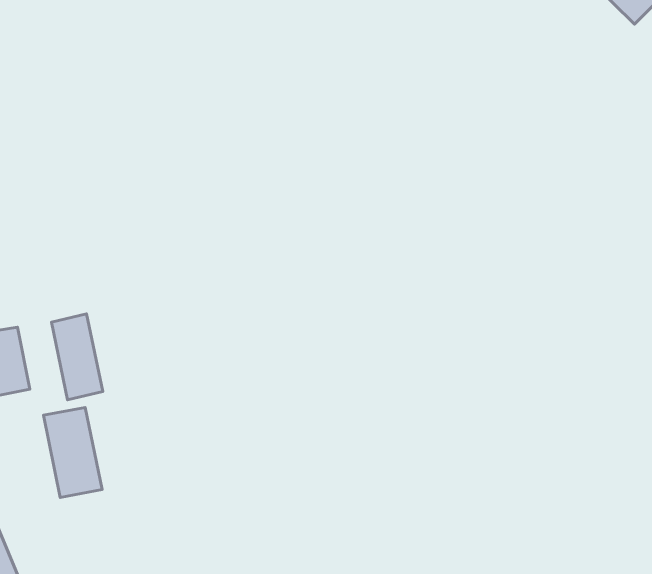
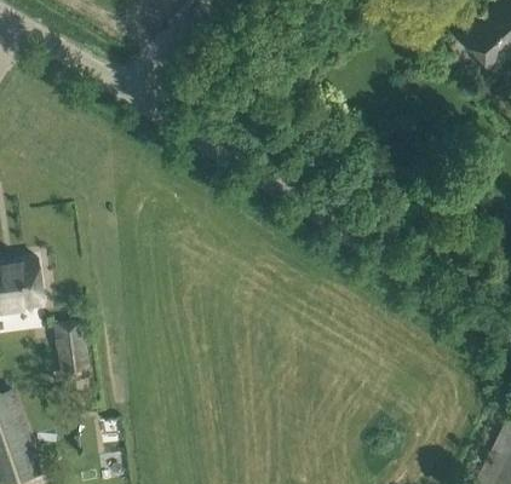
building: [51,314,103,400] -> none

